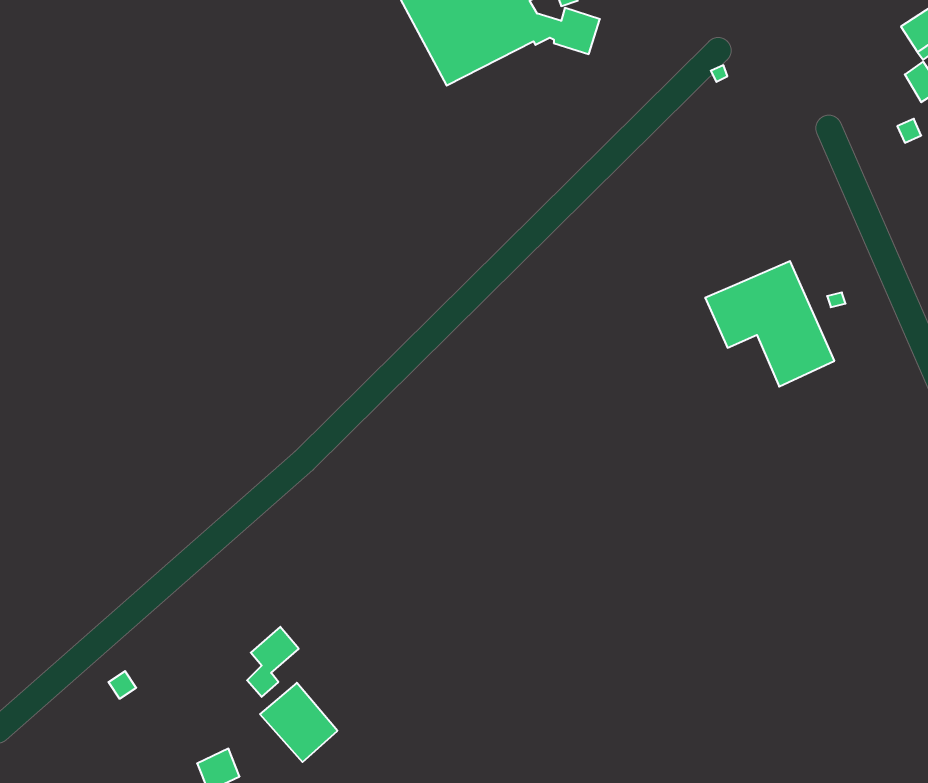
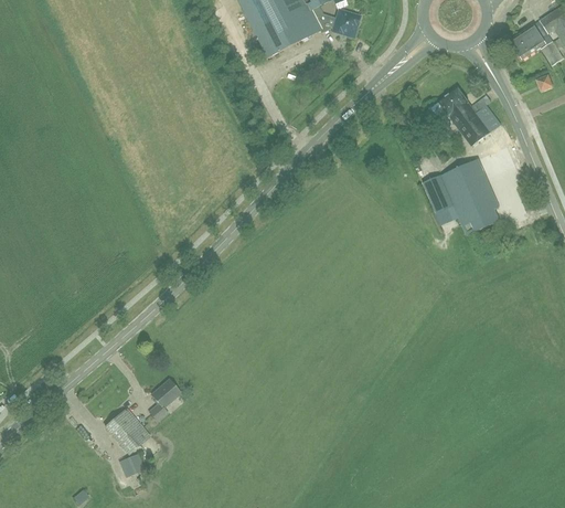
building: none -> [510,24,545,59]
building: none -> [430,87,501,146]
building: [260,683,337,762] -> [104,406,150,454]

